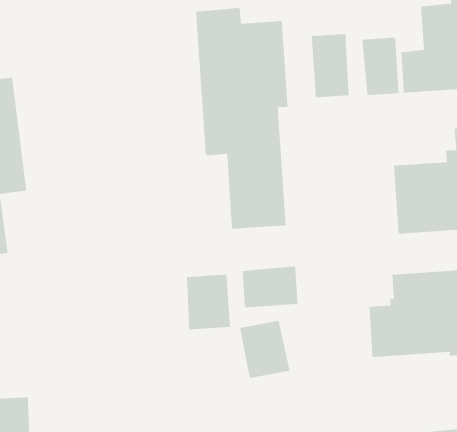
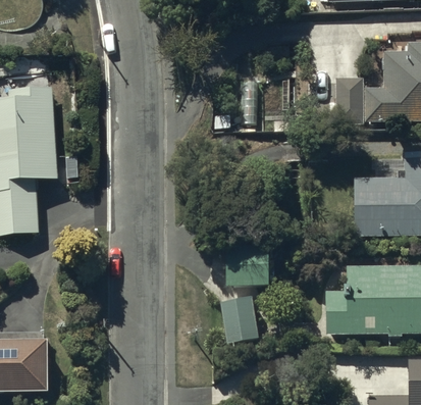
building: [195,7,289,229] -> none
building: [311,33,349,98] -> none
building: [186,274,231,330] -> none

